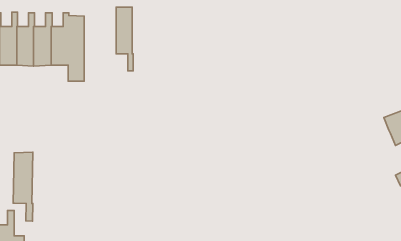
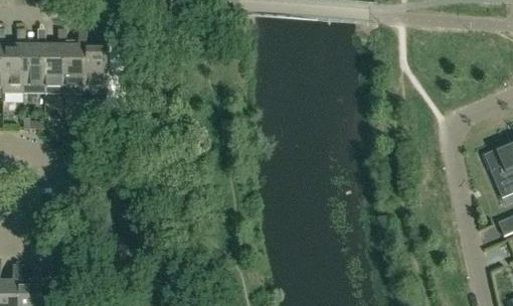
building: [116,7,133,71] -> none
building: [13,152,33,221] -> none

